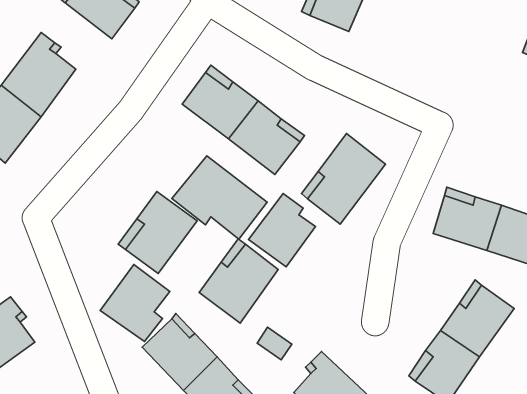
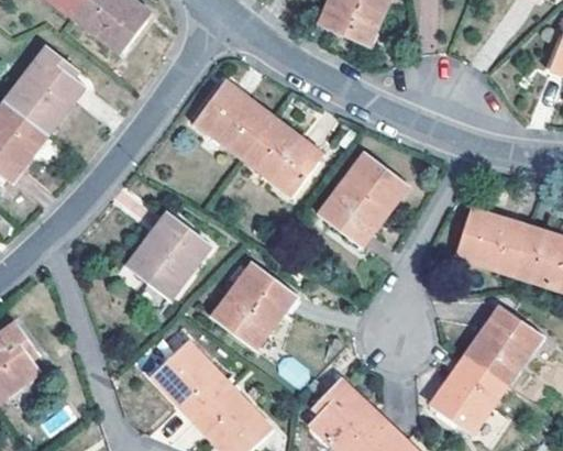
building: [172,156,267,239] -> none
building: [249,193,315,267] -> none
building: [100,265,170,341] -> none

